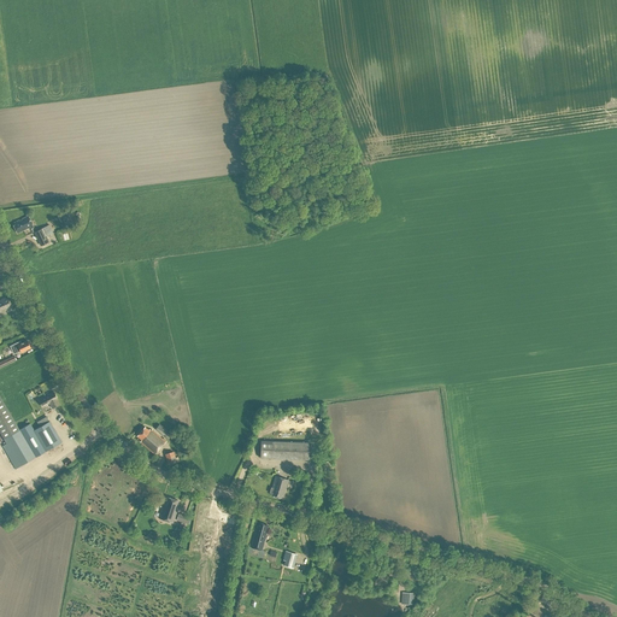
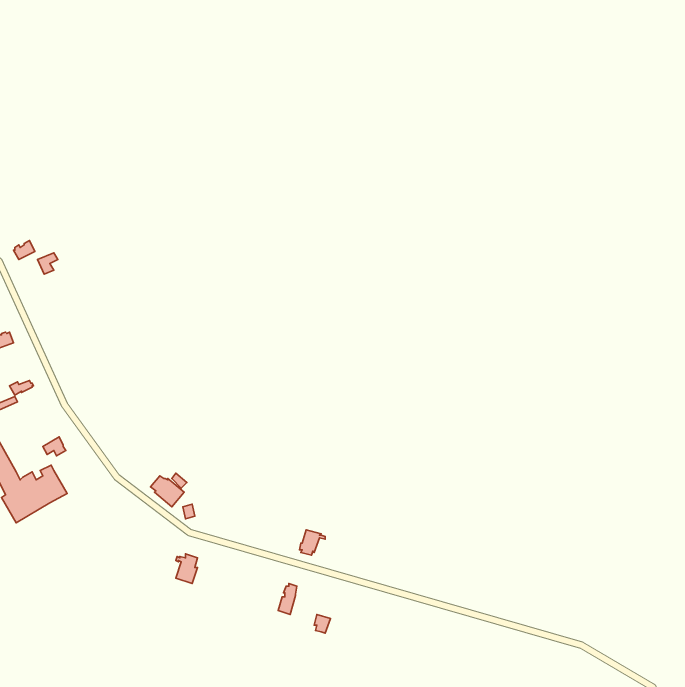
building: [259,440,308,458] -> none

